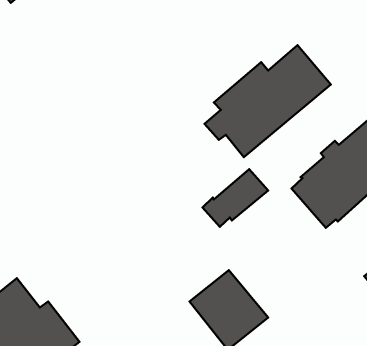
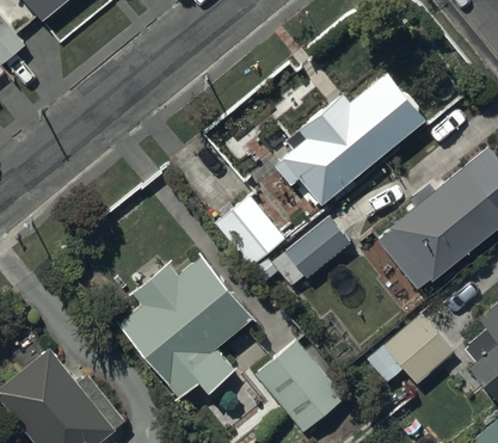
building: none -> [213,196,284,284]
building: none -> [121,258,252,395]
building: none -> [367,315,453,384]

